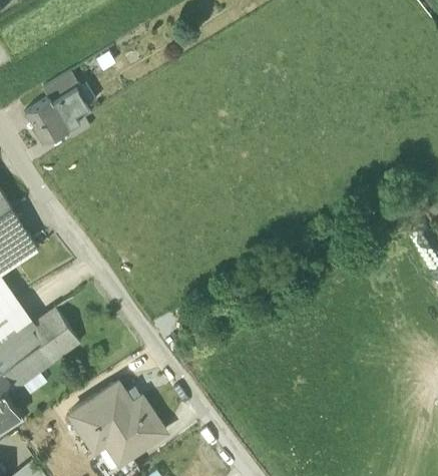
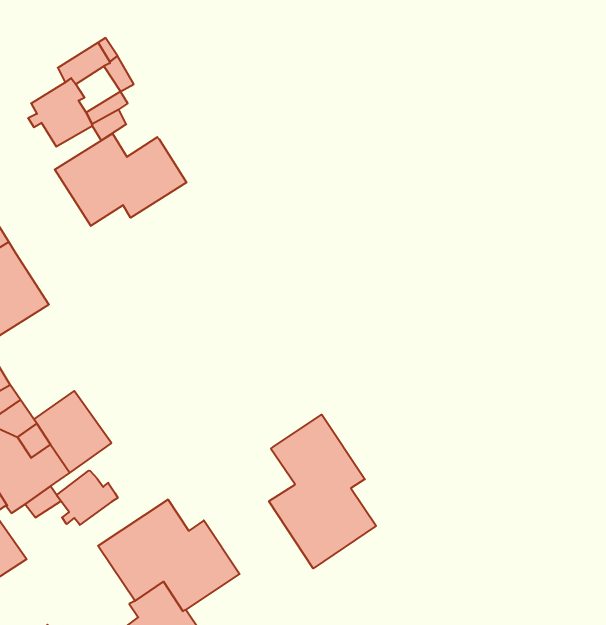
building: [55,89,85,120] -> none
building: none -> [55,134,186,226]
building: none -> [269,415,376,568]
building: none -> [57,471,118,525]

